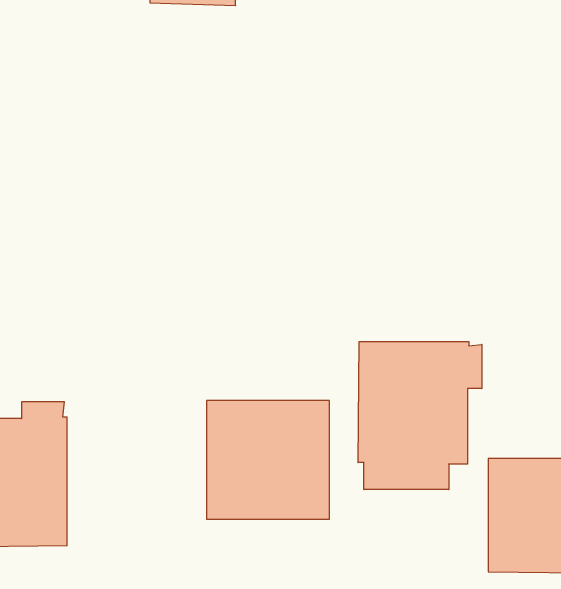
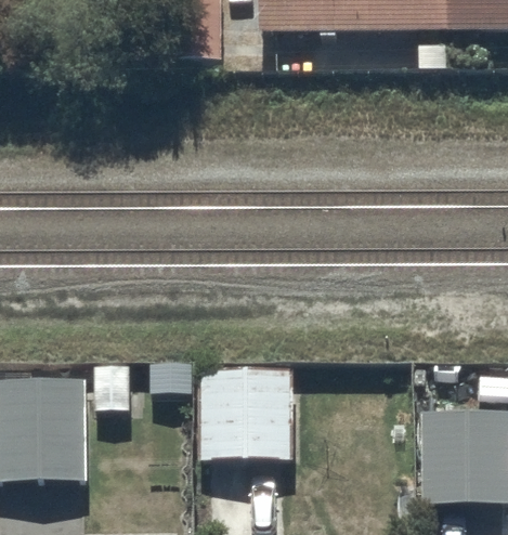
building: [358,342,482,490] -> none

